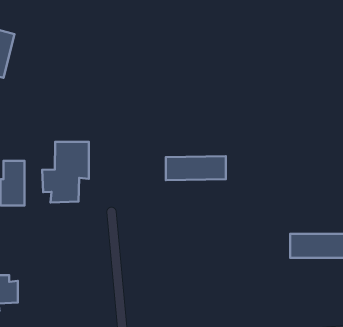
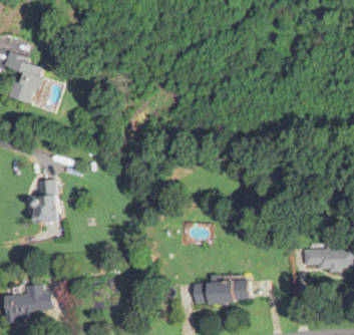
building: [42,142,89,202] -> none
building: [166,156,226,180] -> [194,281,249,303]

